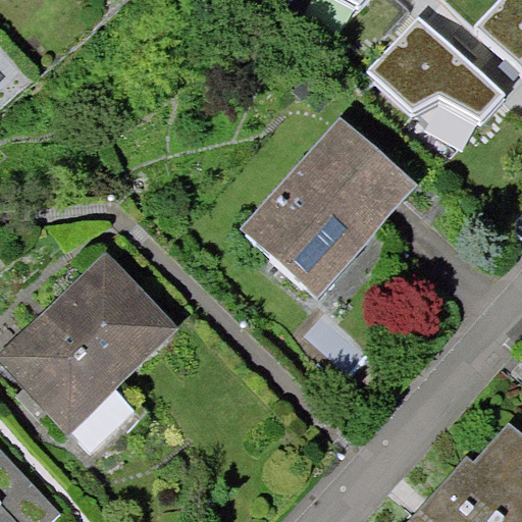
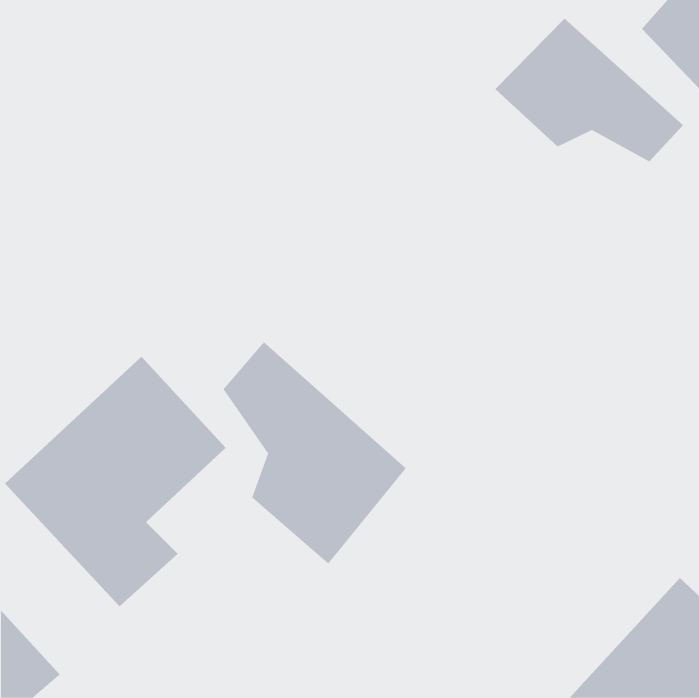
building: [248,129,405,292] -> none
building: none -> [223,342,406,565]

